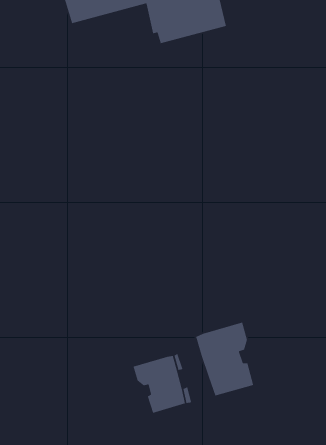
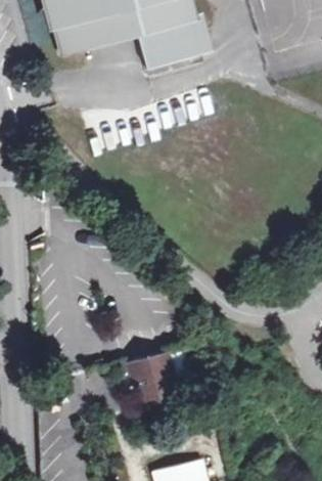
building: [195,322,254,396] -> none

